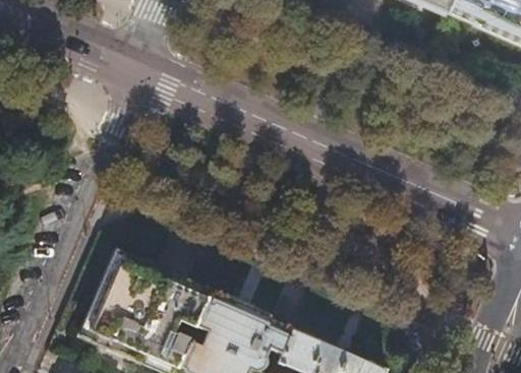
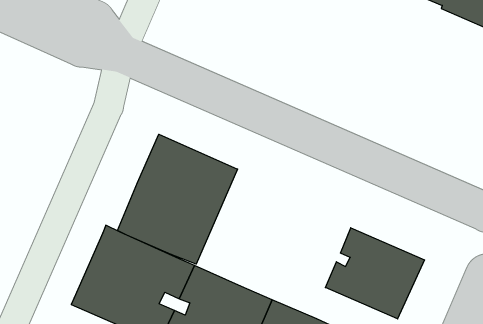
building: none -> [117,134,238,264]
building: none -> [325,228,425,319]

